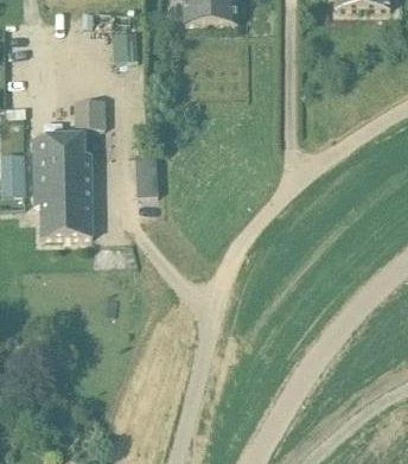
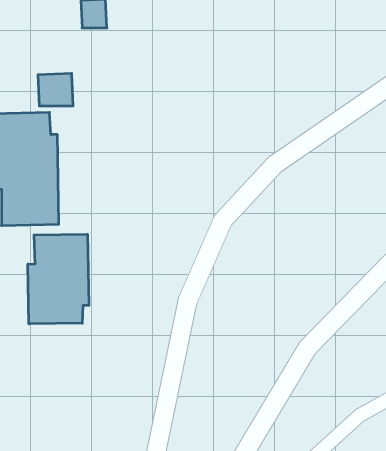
building: [135,155,158,195] -> none
building: none -> [28,234,89,324]

